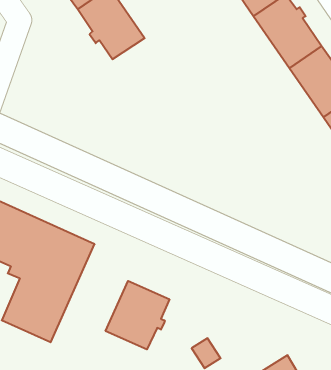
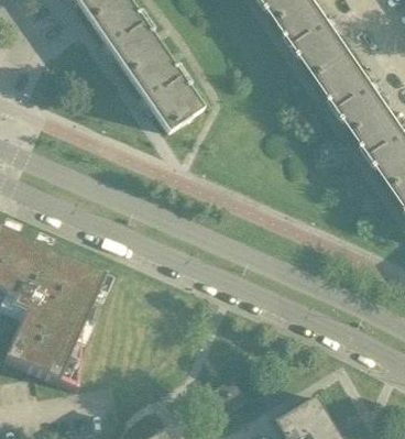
building: none -> [125,51,203,134]
building: [106,281,169,349] -> none

